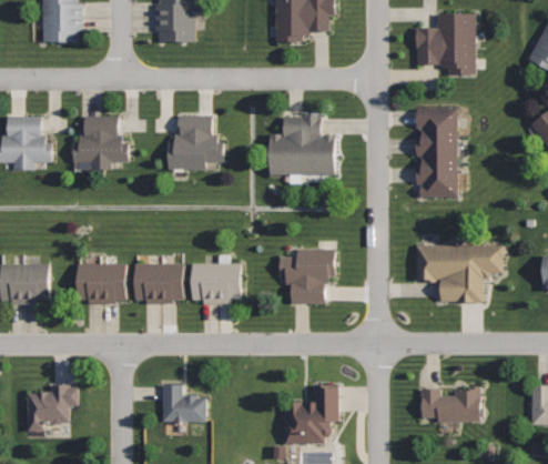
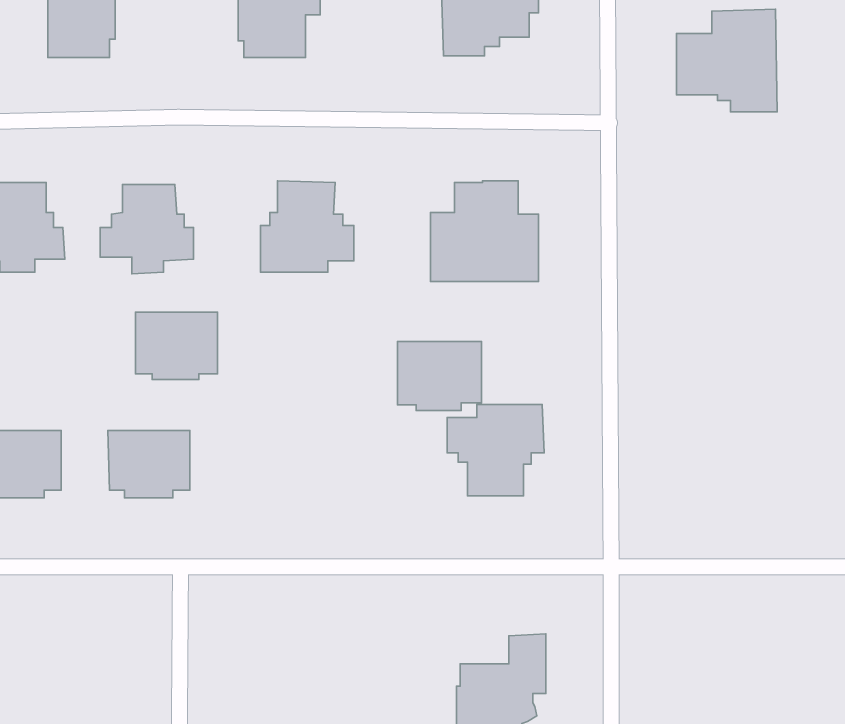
building: [416,109,457,198] -> none
building: [413,244,503,304] -> none
building: [134,263,183,303] -> [135,312,218,379]
building: [191,263,241,304] -> [398,341,482,410]
building: [27,385,78,432] -> none
building: [162,385,206,422] -> none
building: [422,386,480,422] -> none

